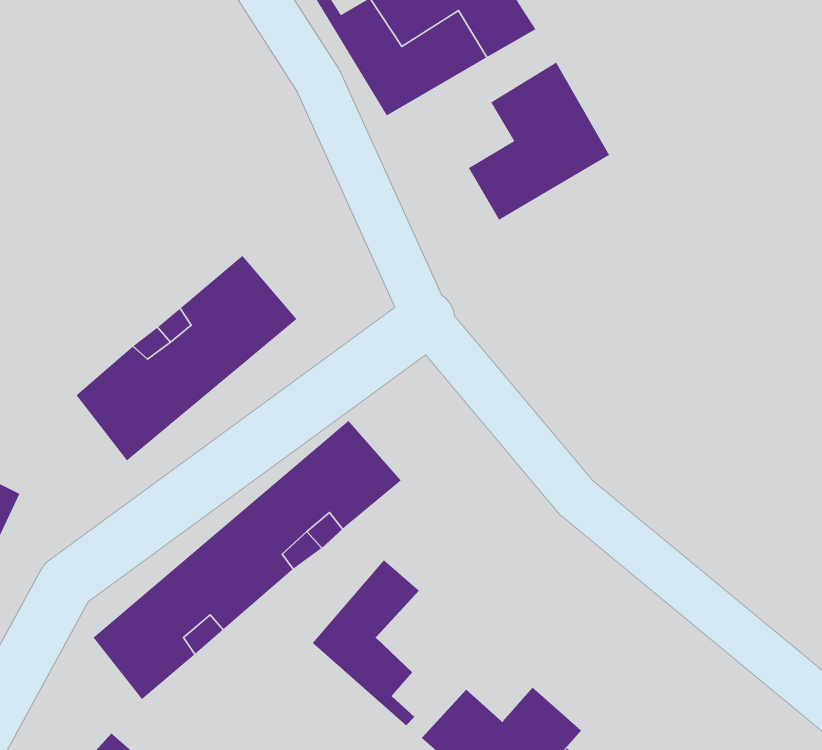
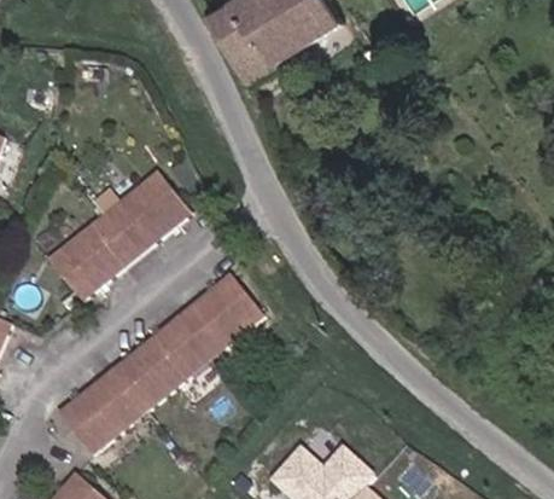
building: [468,62,610,221] -> none
building: [312,559,420,726] -> none

